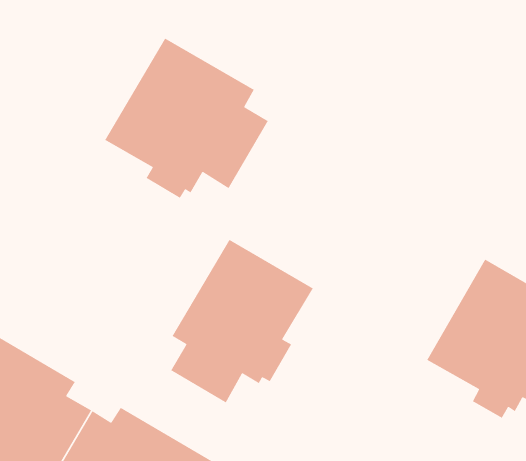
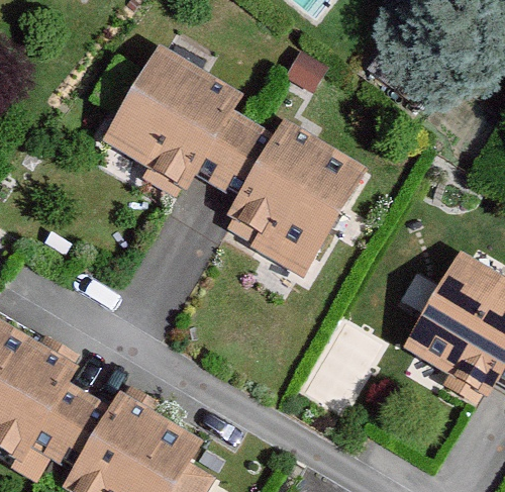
building: none -> [220,121,366,278]
building: [170,239,314,403] -> none

